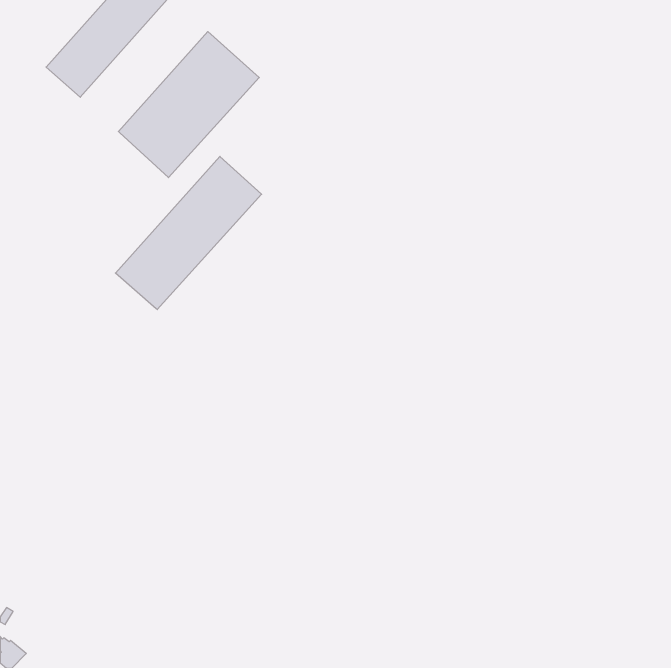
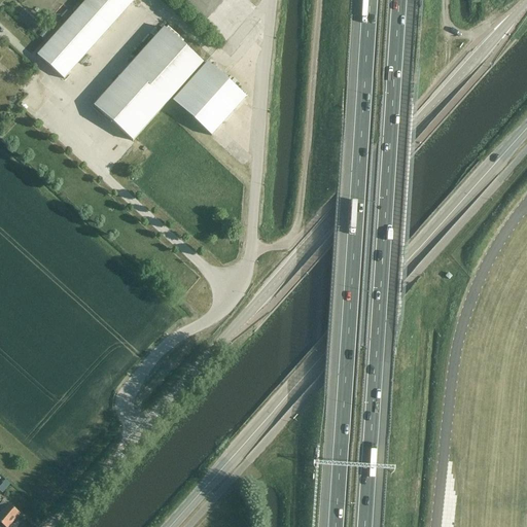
building: none -> [174,60,247,133]
building: [115,156,262,310] -> none

